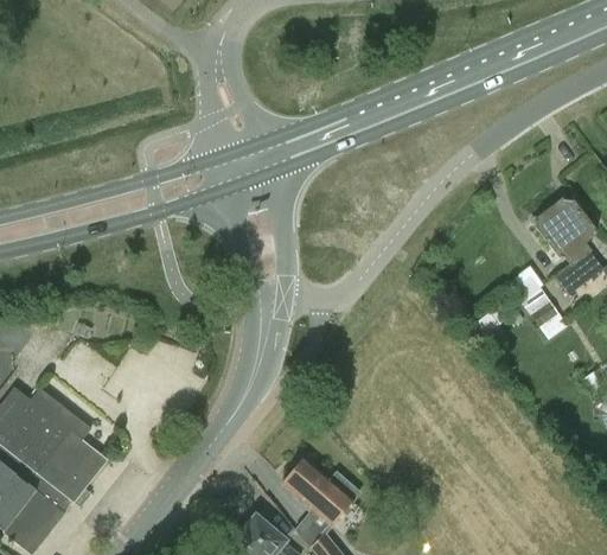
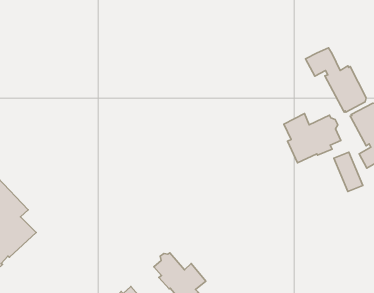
building: none -> [305,48,366,112]
building: none -> [284,114,341,163]

